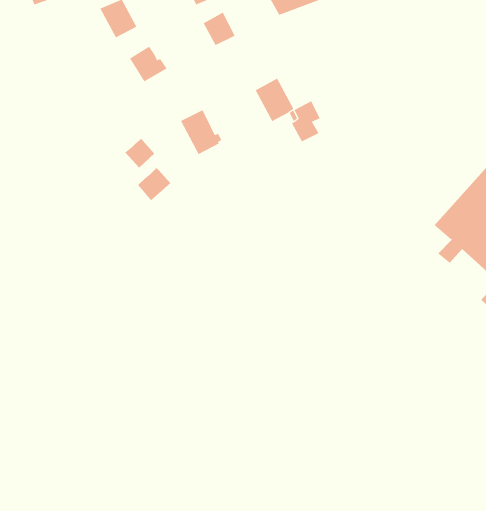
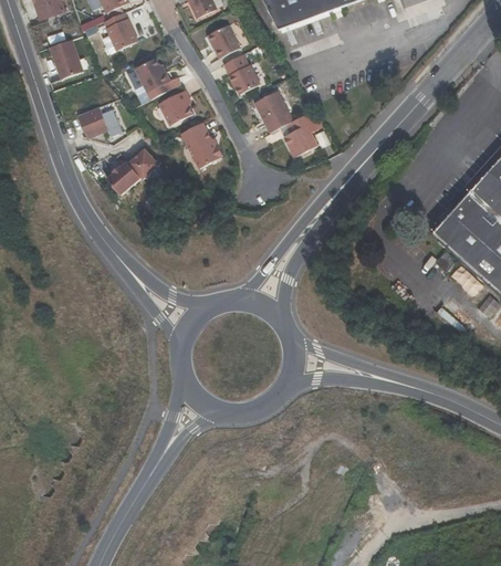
building: none -> [49,34,82,74]
building: none -> [227,53,263,93]
building: none -> [161,90,196,126]
building: none -> [80,104,119,138]
building: [137,167,171,201] -> [108,160,142,193]

